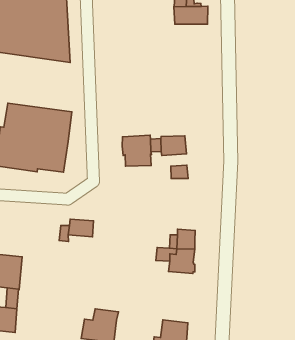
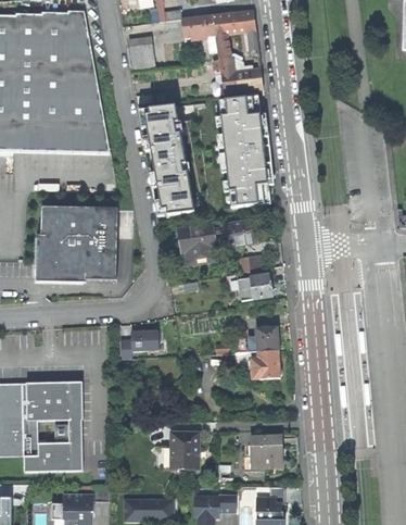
building: none -> [143,105,194,215]
building: none -> [218,96,269,207]
building: none -> [237,273,270,299]

